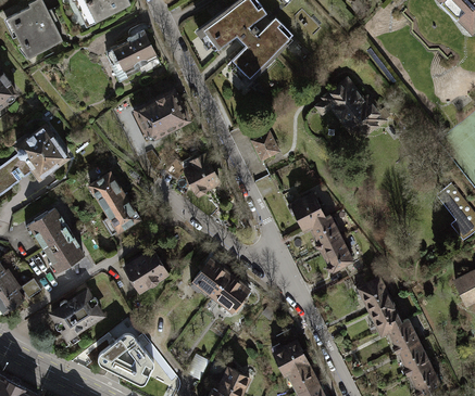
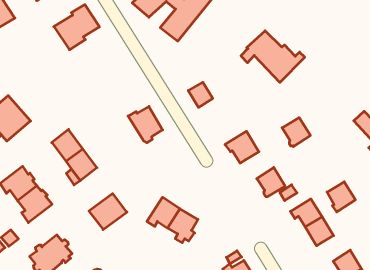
building: [136,91,188,140] -> none
building: [310,216,341,248] -> [282,118,310,147]
building: [388,319,420,353] -> [327,182,355,212]

